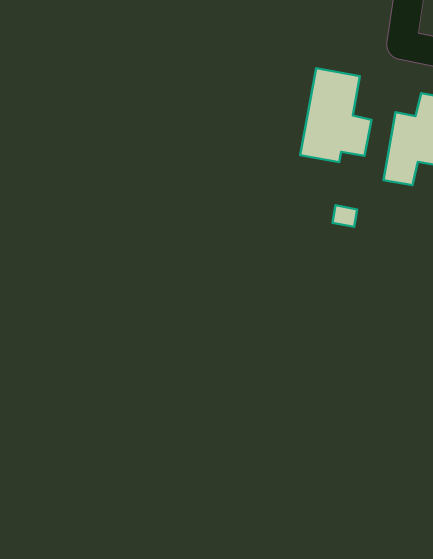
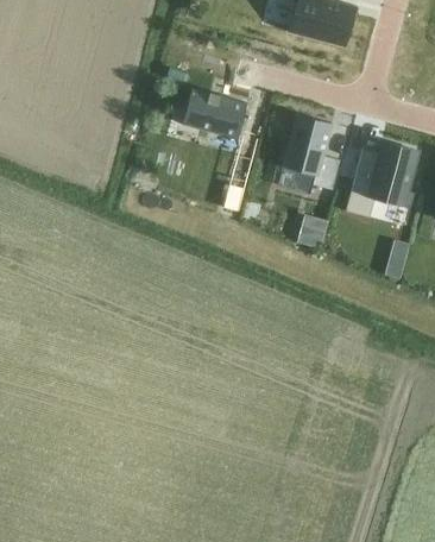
building: none -> [182,86,247,137]

